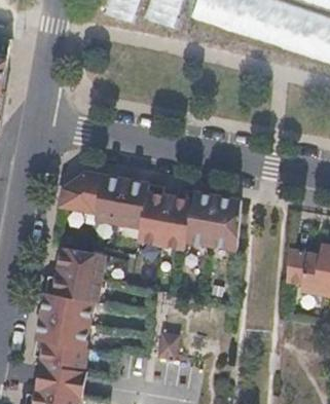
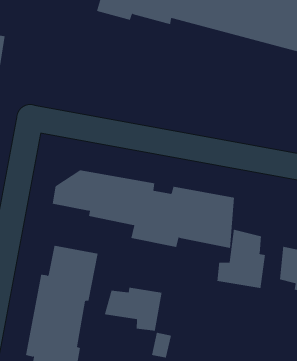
building: none -> [217,229,266,289]
building: none -> [104,287,162,332]

